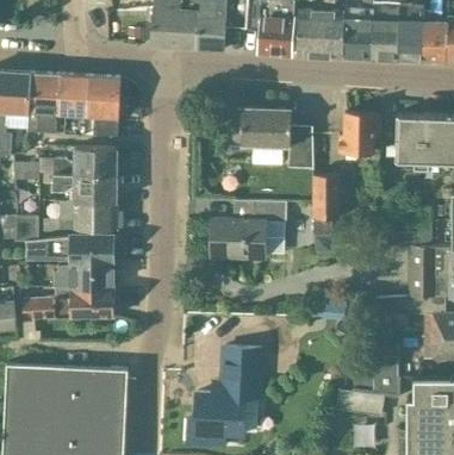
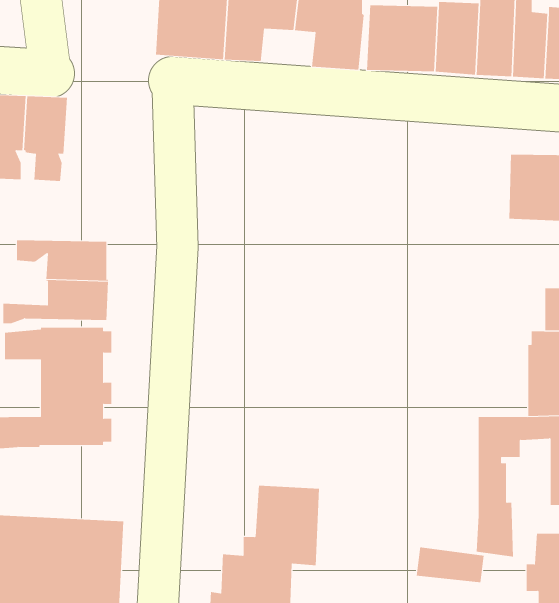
building: [87,75,120,136] -> none
building: [241,106,313,167] -> none
building: [340,112,375,152] -> none
building: [54,148,118,175] -> none
building: [313,173,341,232] -> none
building: [211,200,287,258] -> none

